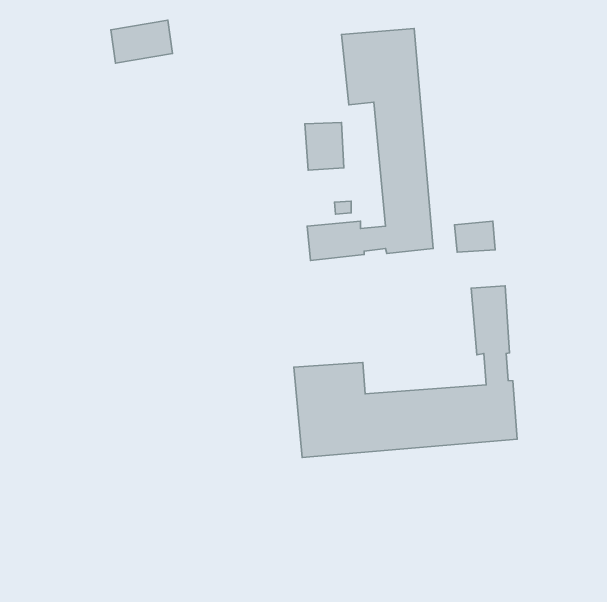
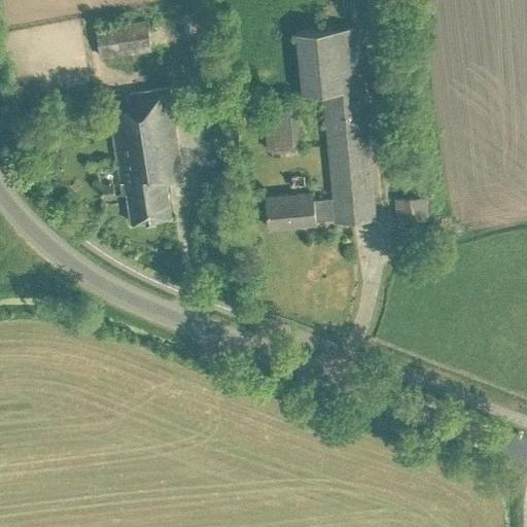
building: none -> [99,92,181,225]
building: [294,286,517,458] -> none

